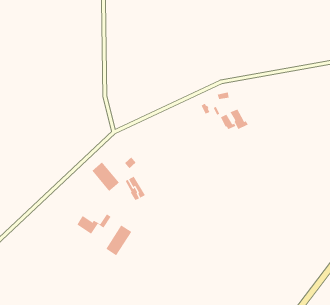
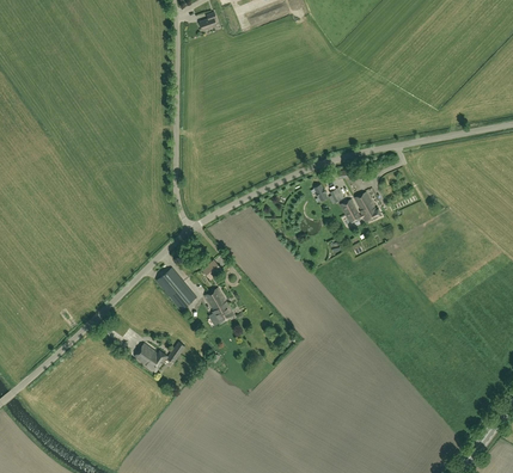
building: [105,225,132,256] -> none

